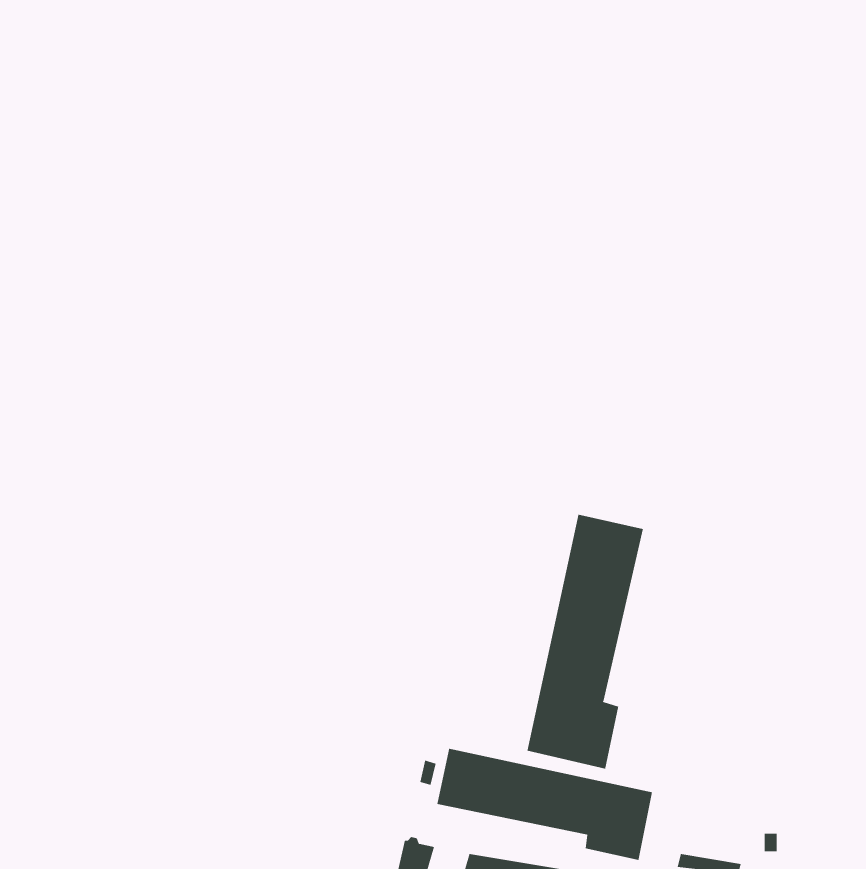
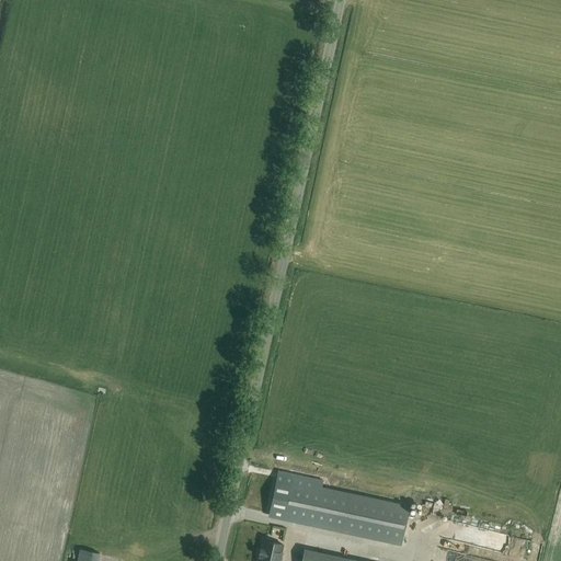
building: [527,514,643,769] -> none

